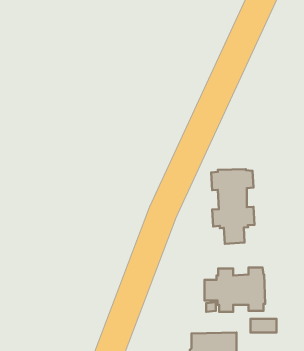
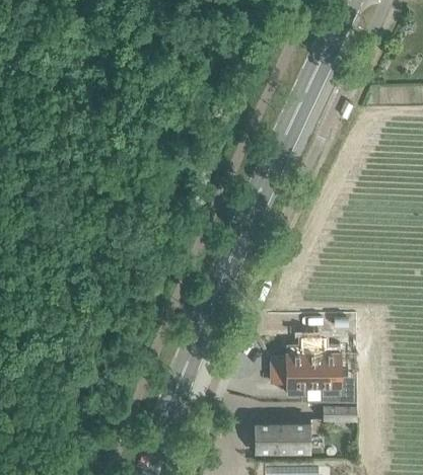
building: [211,169,255,244] -> none

